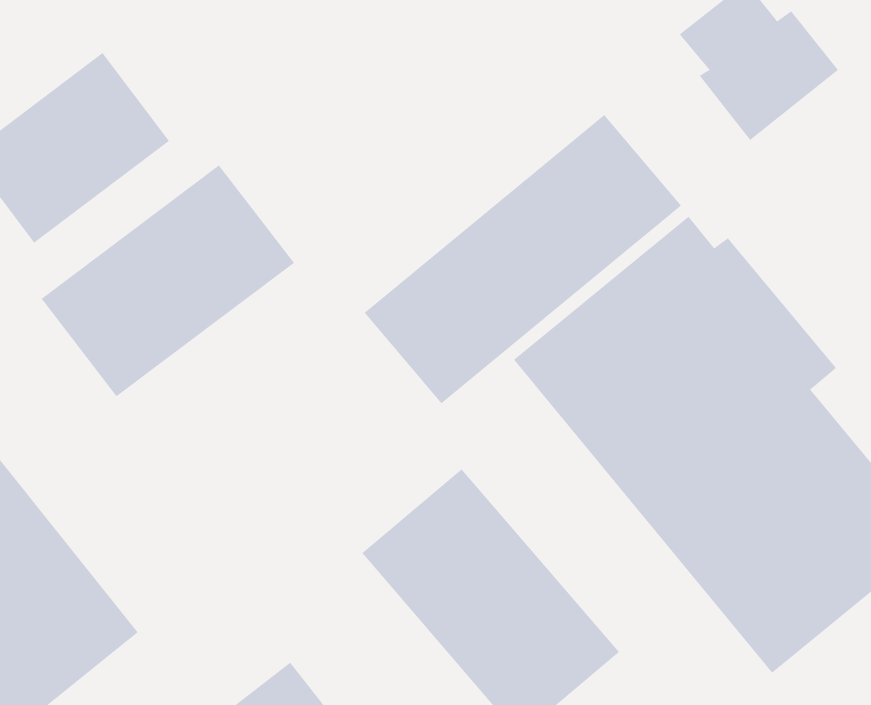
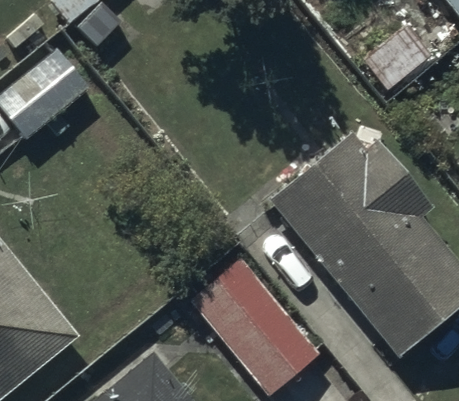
building: [364,114,682,404] -> none
building: [41,164,295,397] -> none

